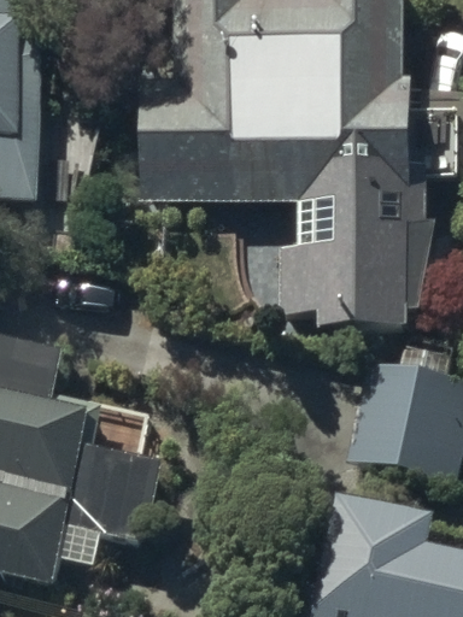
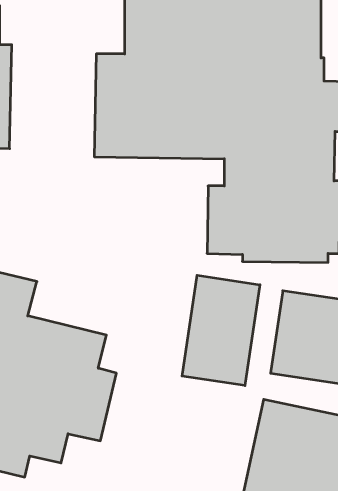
building: none -> [182,275,260,386]

